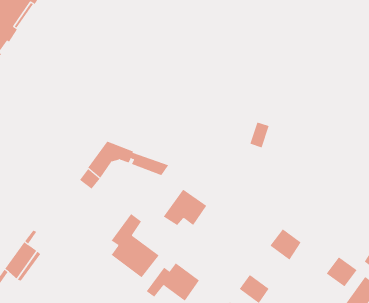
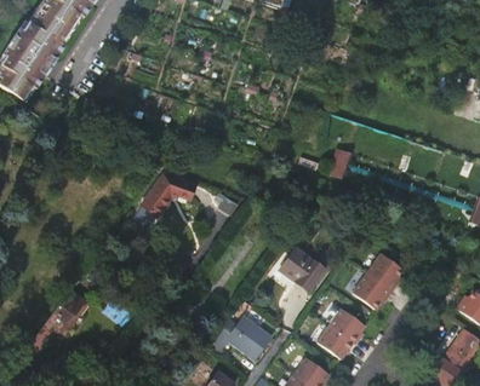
building: [163,189,207,226] -> [274,247,325,289]
building: [111,213,160,278] -> none
building: [326,256,358,287] -> [367,254,404,289]
building: none -> [330,309,366,342]

